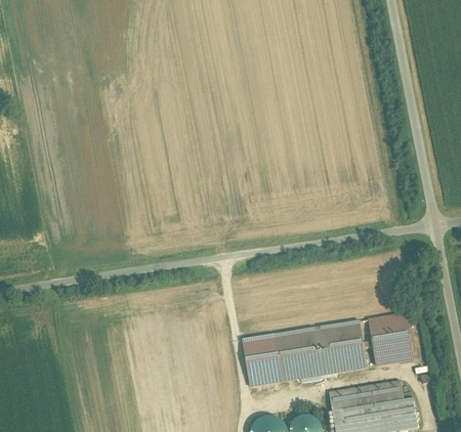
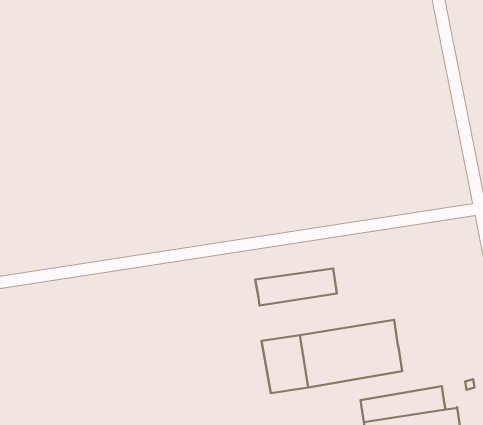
building: none -> [255,269,337,305]
building: [369,314,413,365] -> none

